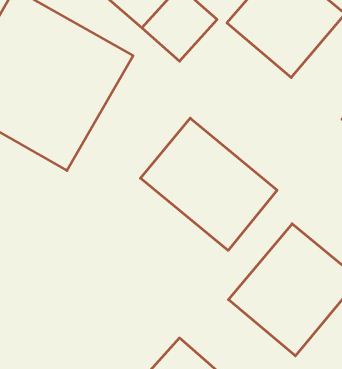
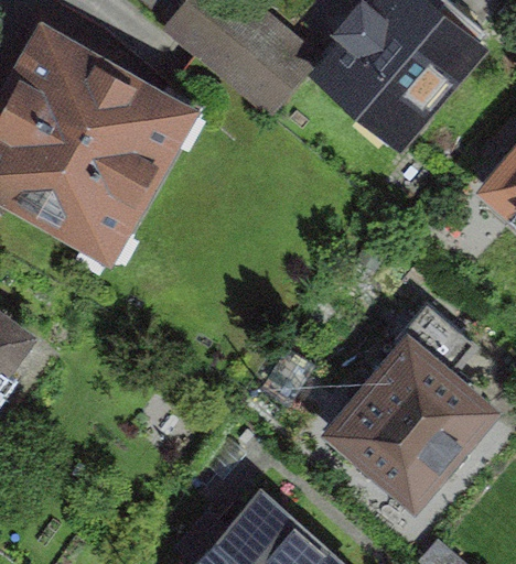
building: [140,118,277,250] -> none

